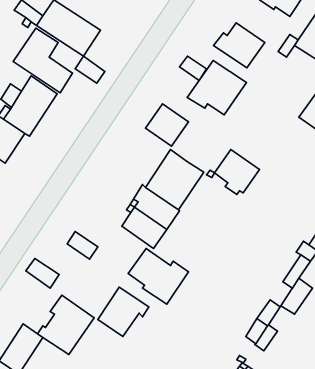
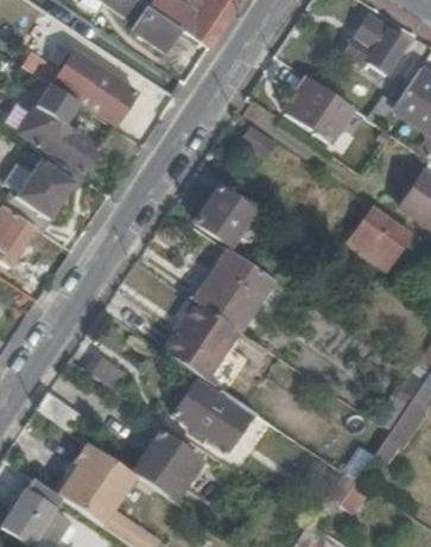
building: [187,60,246,115] -> none
building: [215,150,259,195] -> [355,205,414,265]

